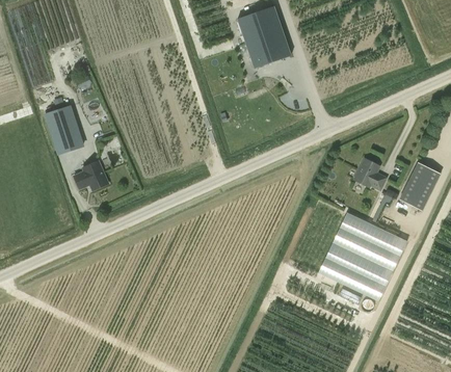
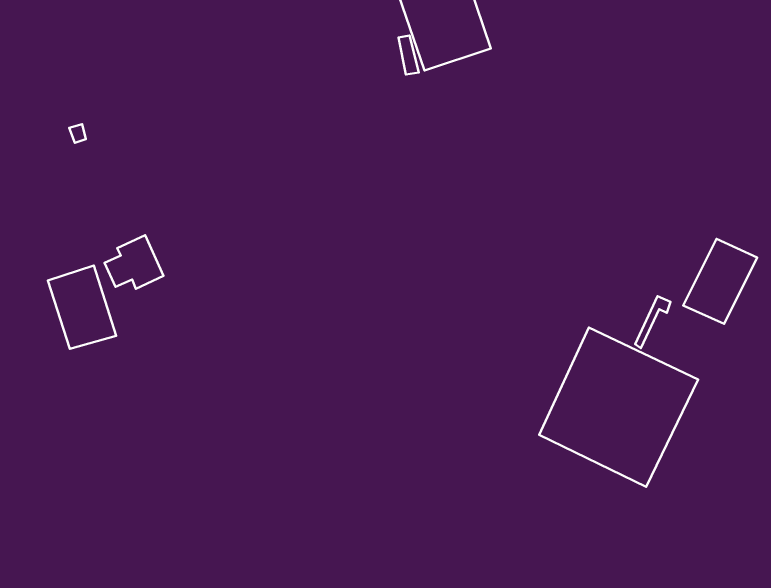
building: [45,106,83,153] -> [48,266,116,349]
building: [353,158,387,189] -> none

